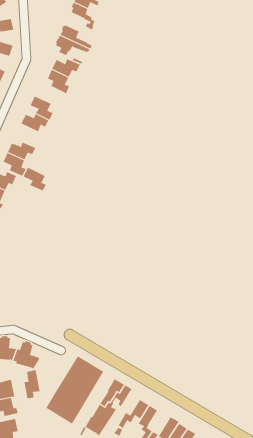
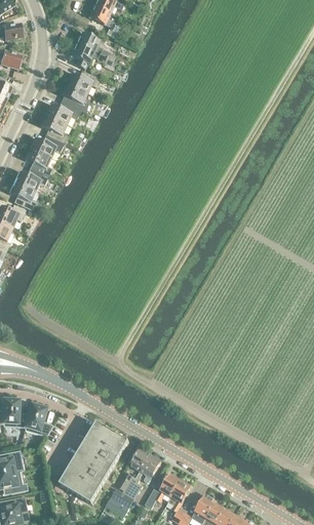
building: none -> [46,102,80,124]
building: [23,167,46,191] -> [25,148,52,176]
building: [24,369,40,399] -> none

